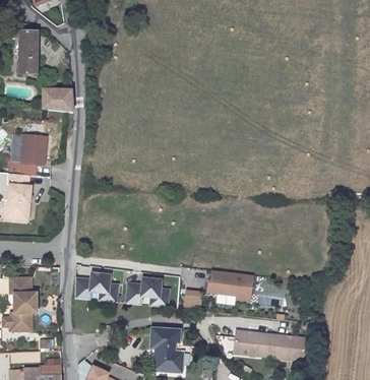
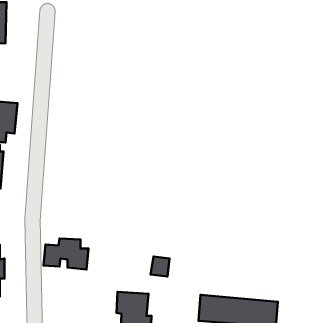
building: [42,88,71,112] -> none
building: [208,270,253,301] -> none
building: [126,276,171,308] -> none

